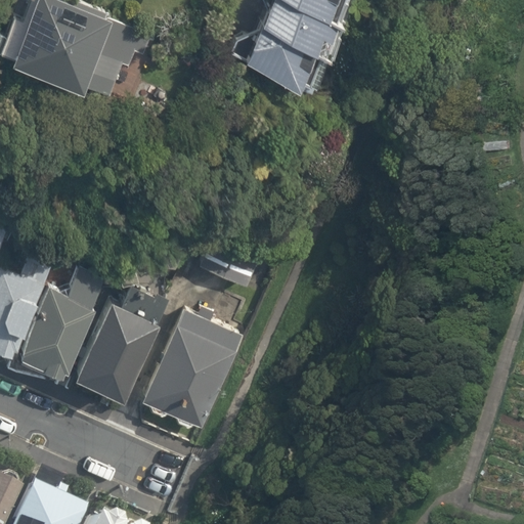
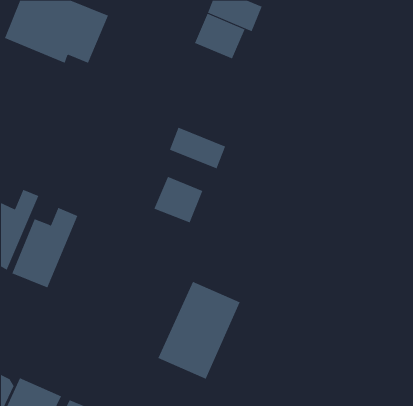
building: none -> [169,127,226,169]
building: [74,282,171,401] -> none
building: [137,313,242,437] -> [158,281,240,379]

